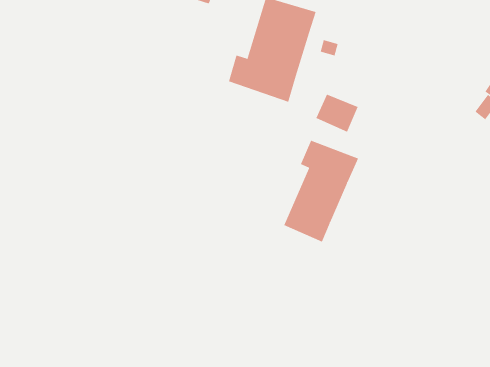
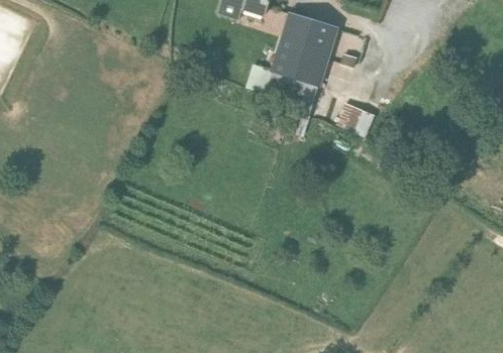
building: [283,140,359,242] -> none

